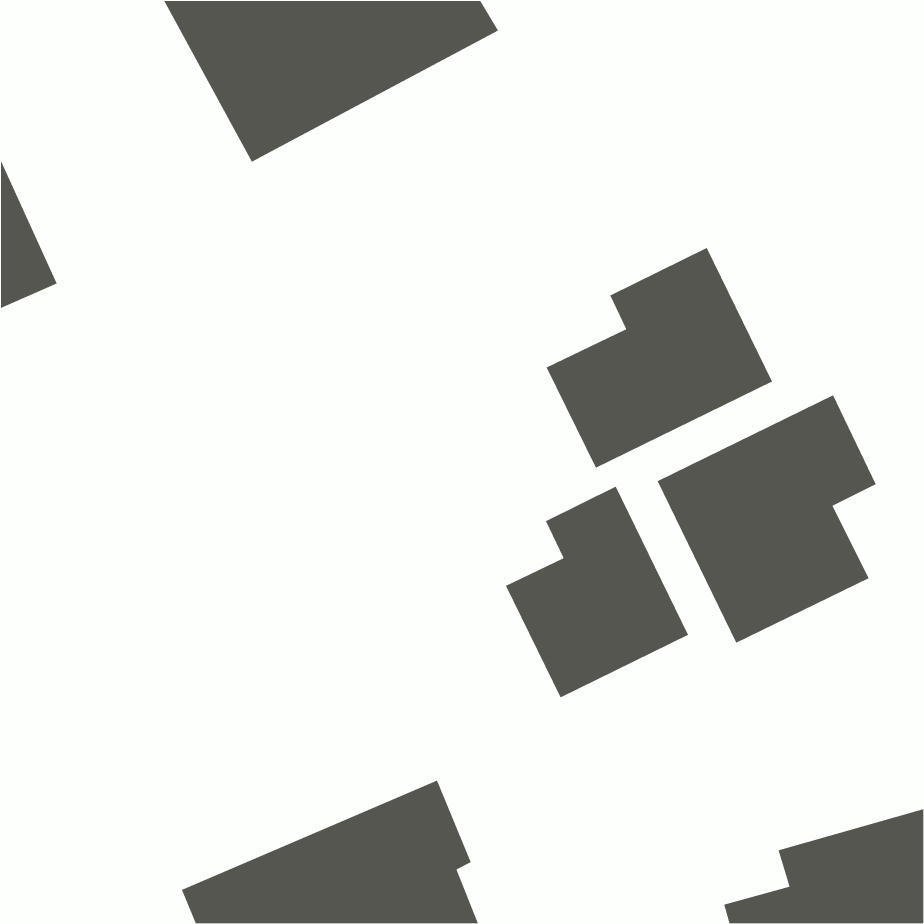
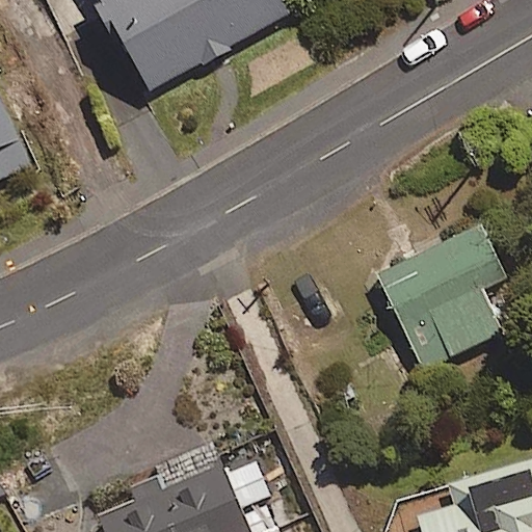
building: [545,247,773,469] -> none
building: [505,485,689,698] -> none

